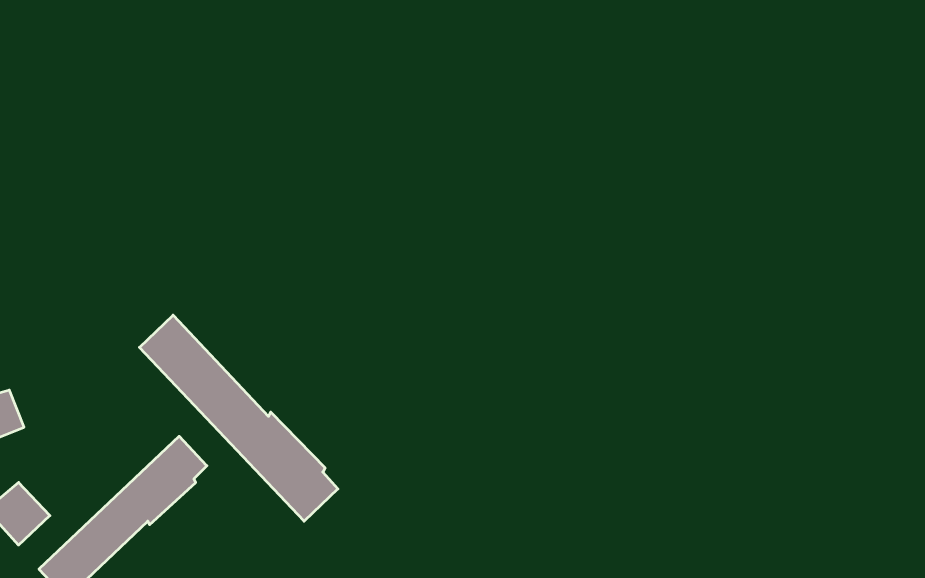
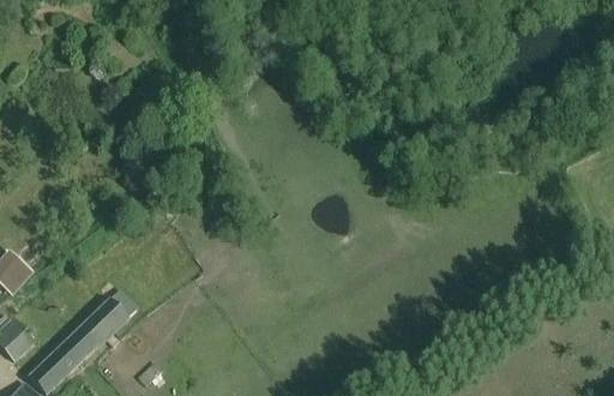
building: [139,315,338,521] -> none

